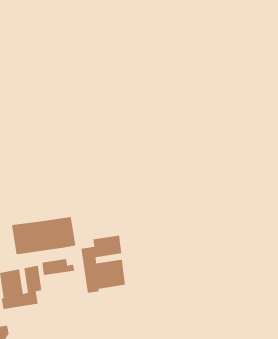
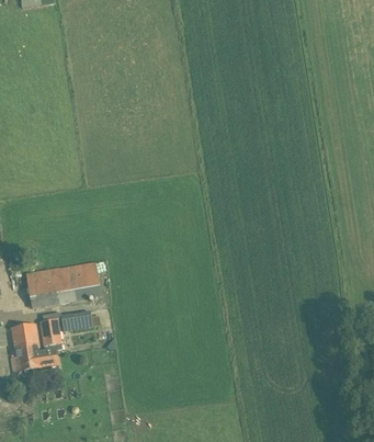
building: [81,235,125,293] -> none

